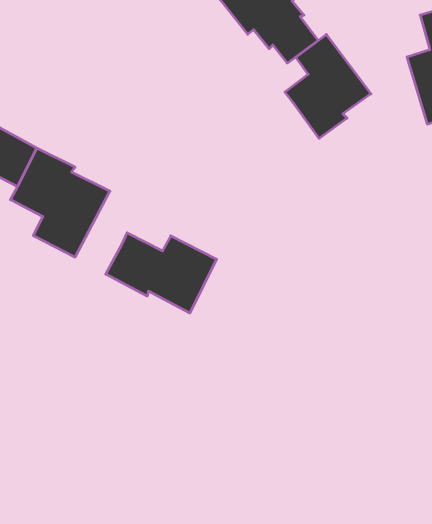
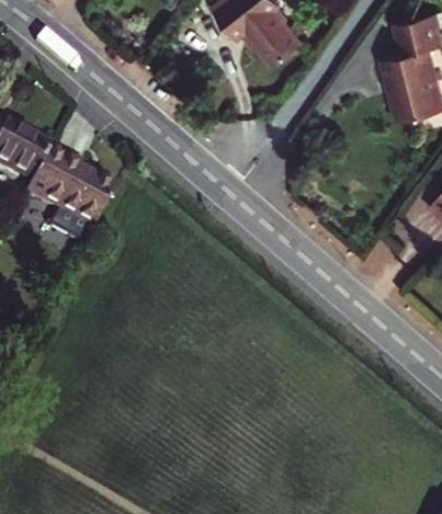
building: [285,34,371,138] -> none
building: [106,233,217,313] -> none

